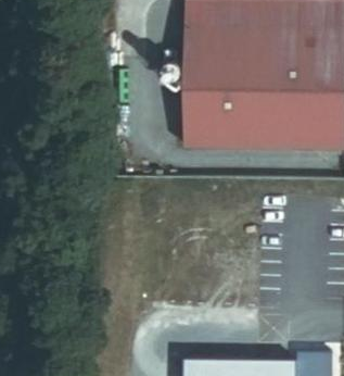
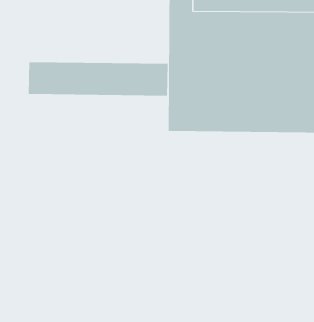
building: none -> [28,61,168,96]

